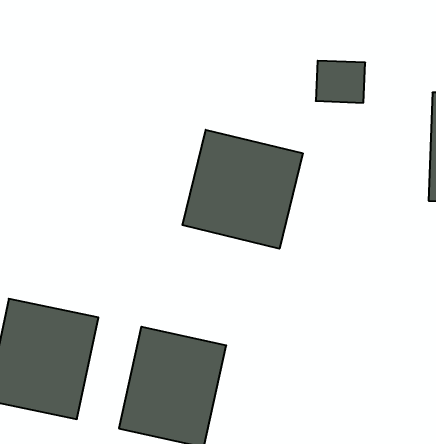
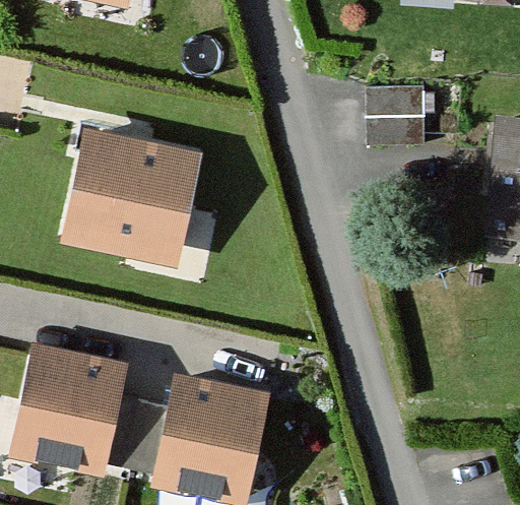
building: none -> [63,128,203,264]
building: [182,130,303,249] -> none

